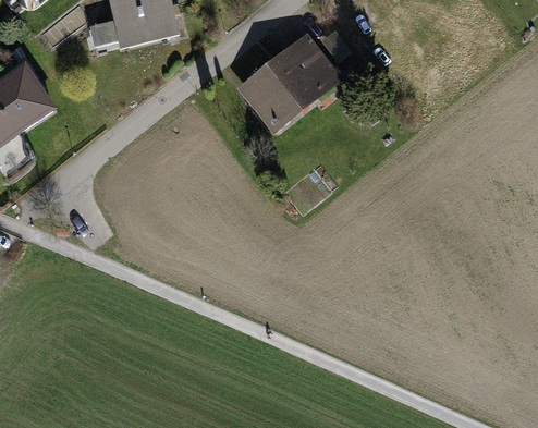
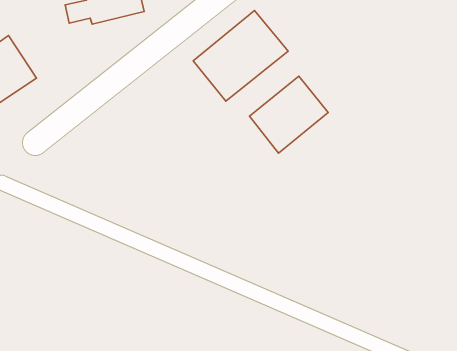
building: none -> [249,76,328,153]

